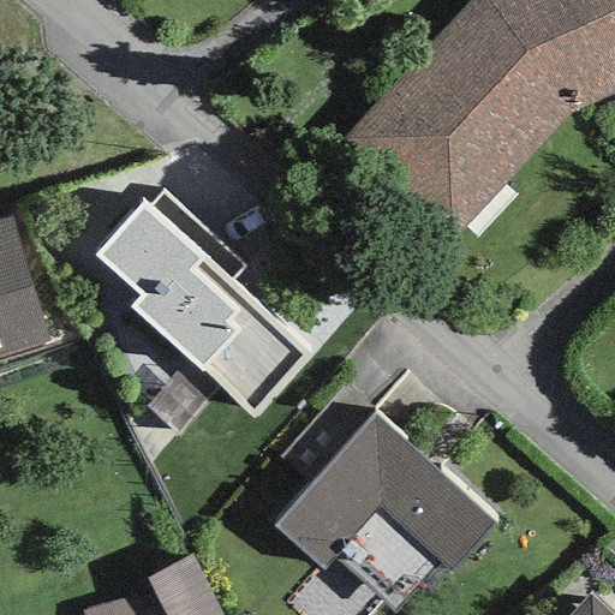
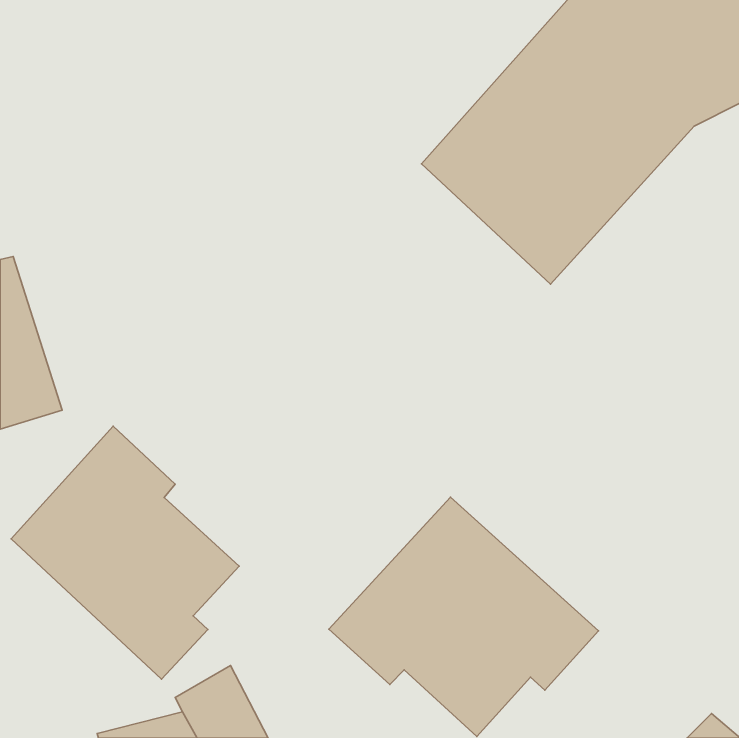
building: [95,201,311,417] -> none
building: none -> [11,426,239,679]

